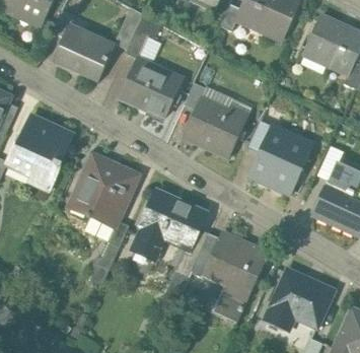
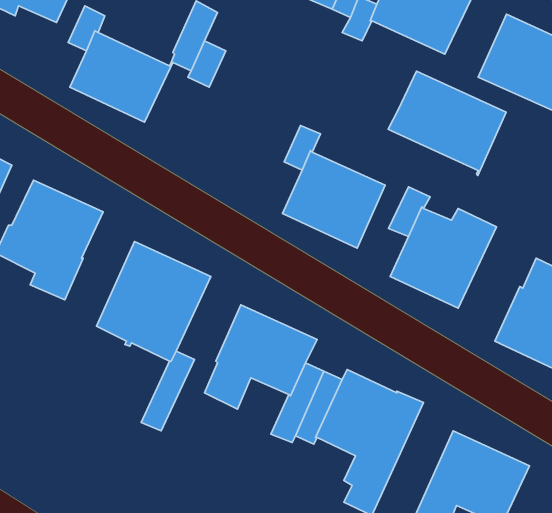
building: none -> [388,71,506,175]
building: [119,63,183,117] -> none

